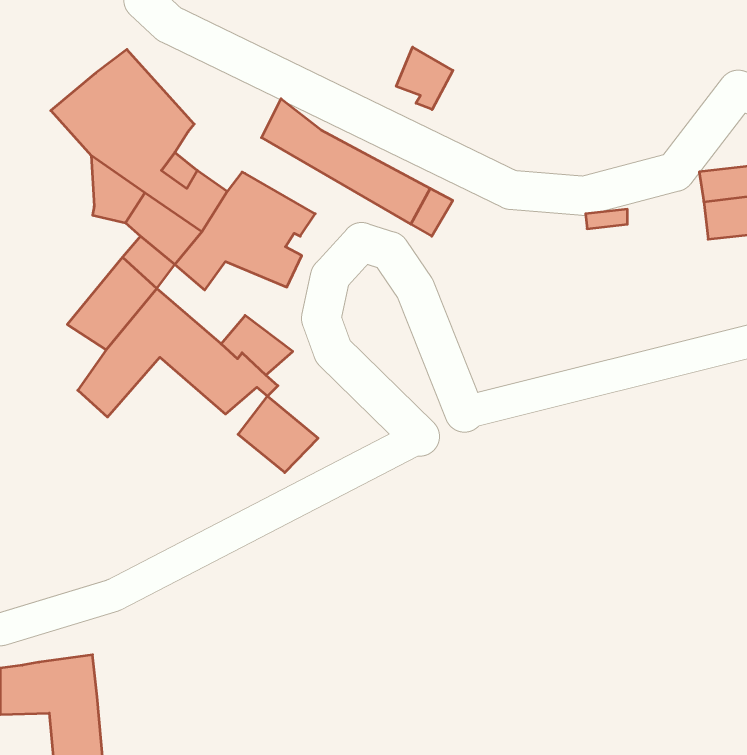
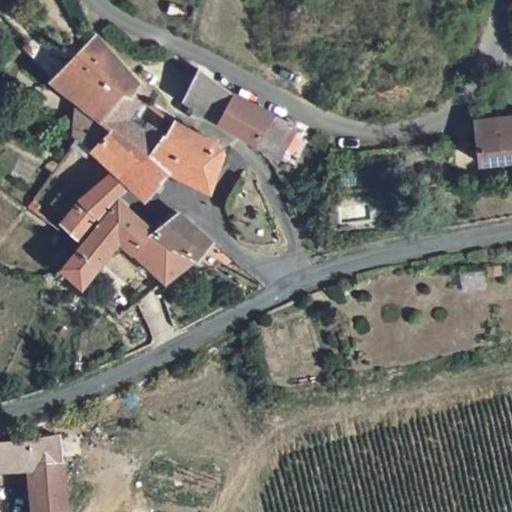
building: [396,47,453,110] -> none
building: [238,396,318,473] -> none

